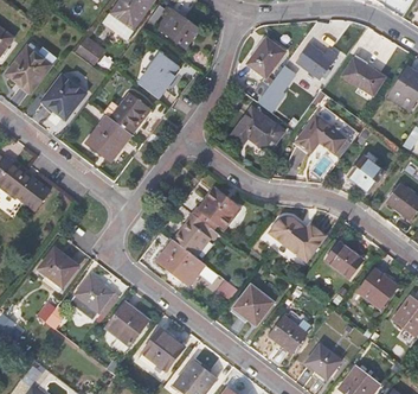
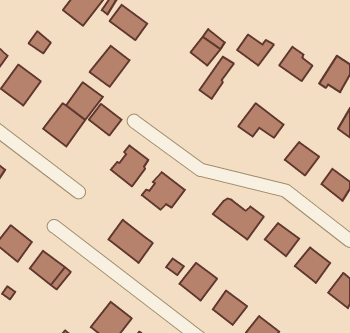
building: [230,106,282,151] -> none
building: none -> [89,104,122,135]
building: [174,214,214,258] -> [111,145,148,186]
building: [104,300,147,350] -> none

